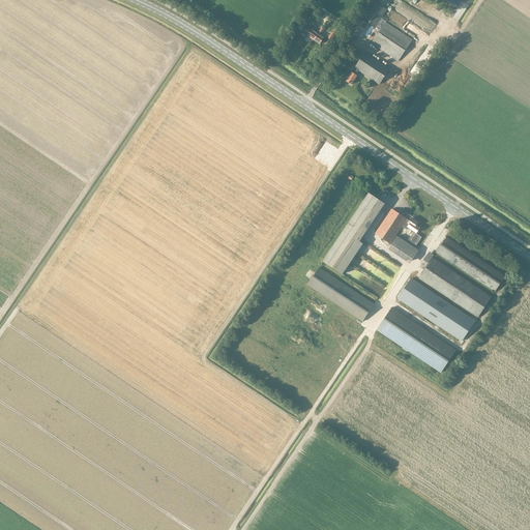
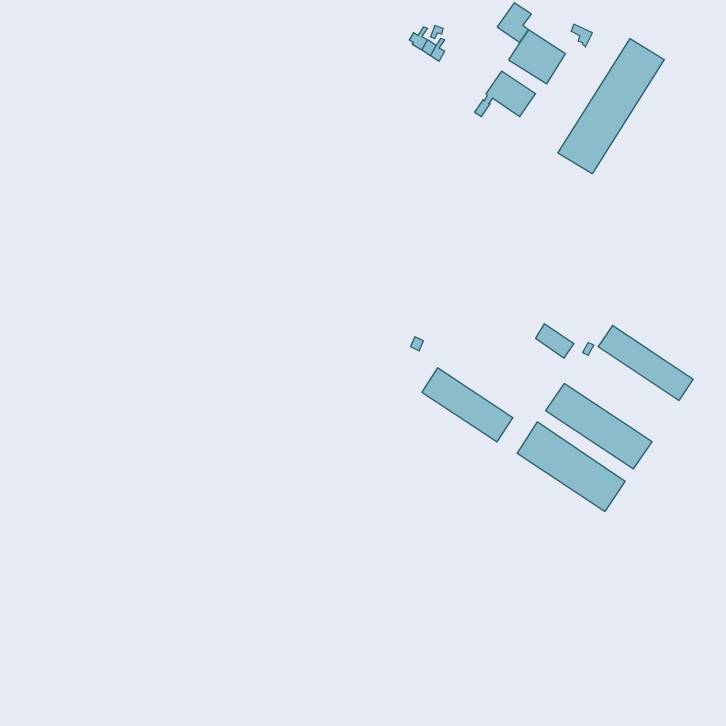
building: none -> [558,39,664,174]
building: [323,194,383,274] -> none
building: [375,209,422,245] -> none
building: [419,258,492,318] -> none

